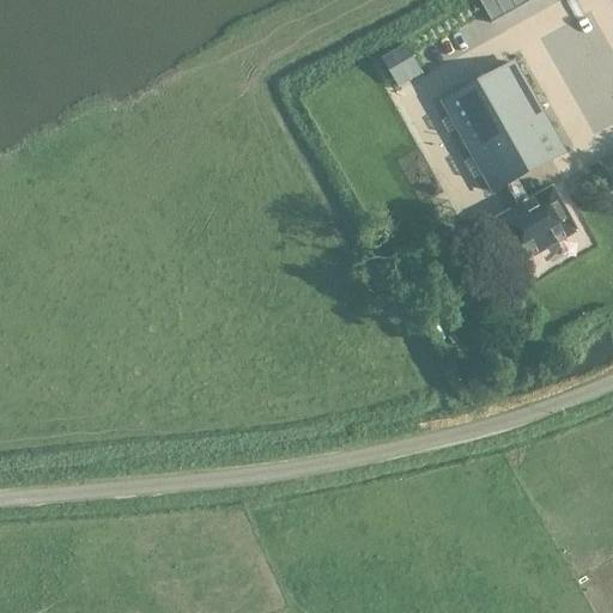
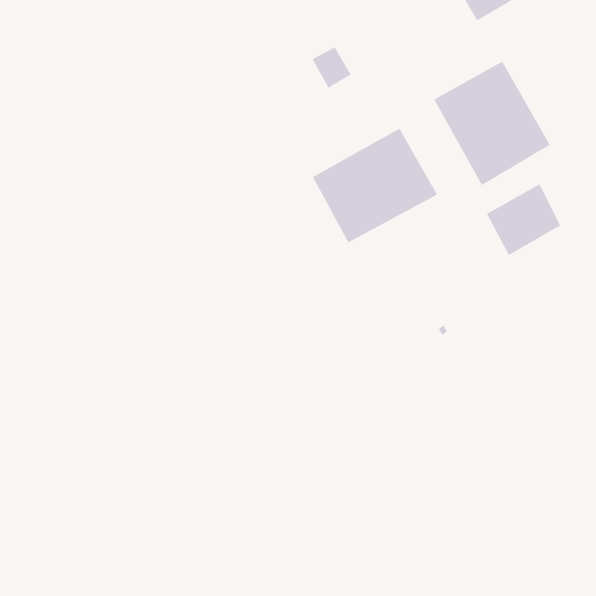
building: [381,43,421,86] -> [312,46,351,88]
building: none -> [312,128,438,243]

